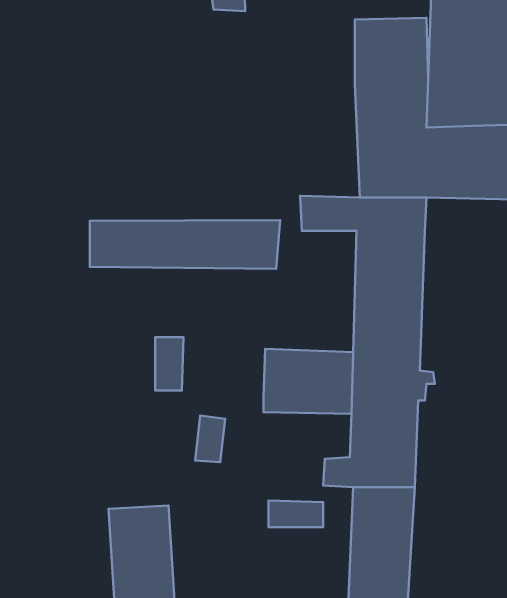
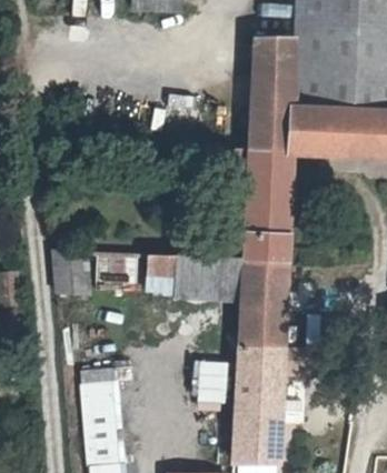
building: [90,220,280,269] -> none
building: none -> [54,254,92,294]
building: none -> [149,258,185,291]

